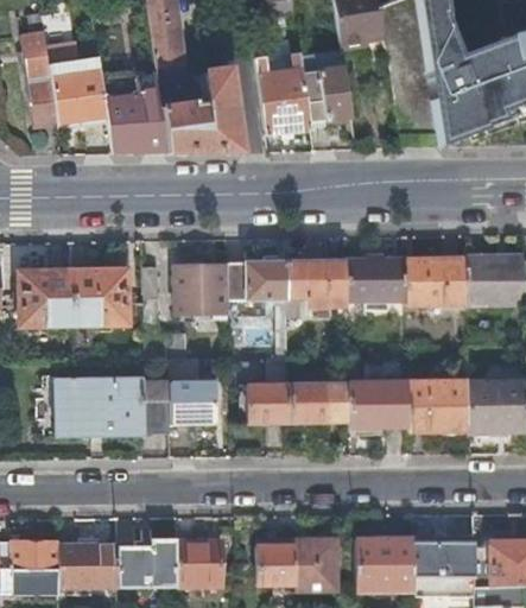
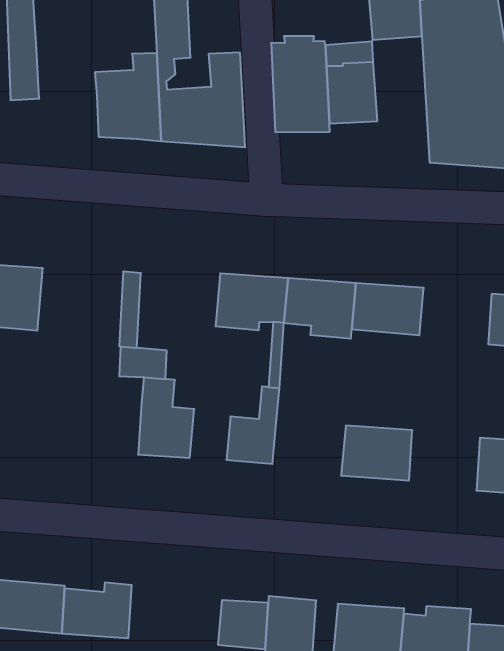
building: [46,40,108,122] -> none
building: [407,256,468,302] -> none
building: [177,264,229,312] -> none
building: [75,268,129,324] -> none
building: [57,379,172,432] -> none
building: [290,381,350,422] -> none
building: [408,381,469,429] -> none
building: [177,538,223,585] -> none

